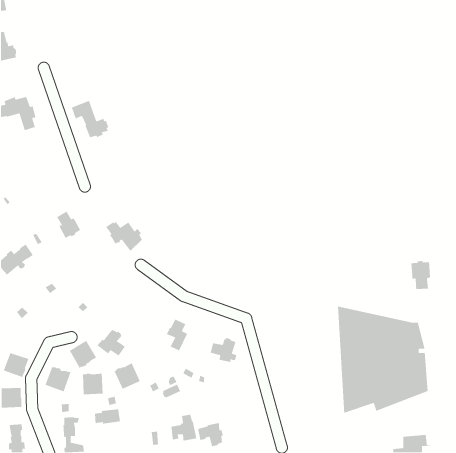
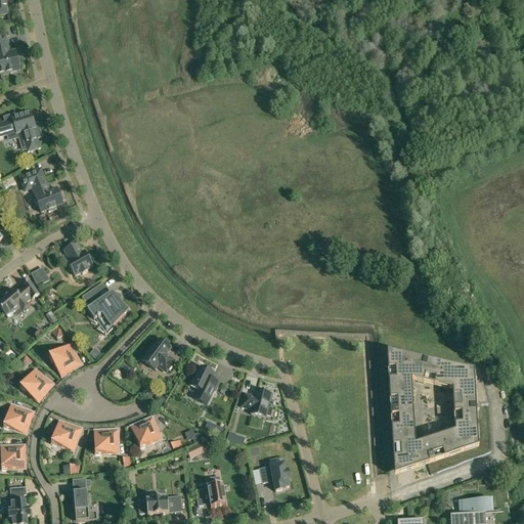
building: [71,100,109,138] -> [19,167,63,211]
building: [105,221,143,252] -> [83,291,126,326]
building: [410,260,431,290] -> none
building: none -> [20,368,54,402]
building: [97,329,126,356] -> [141,339,175,370]
building: [69,340,97,369] -> [49,343,82,377]
building: [94,409,121,425] -> [138,496,169,515]
building: [197,422,224,447] -> [259,462,290,490]

